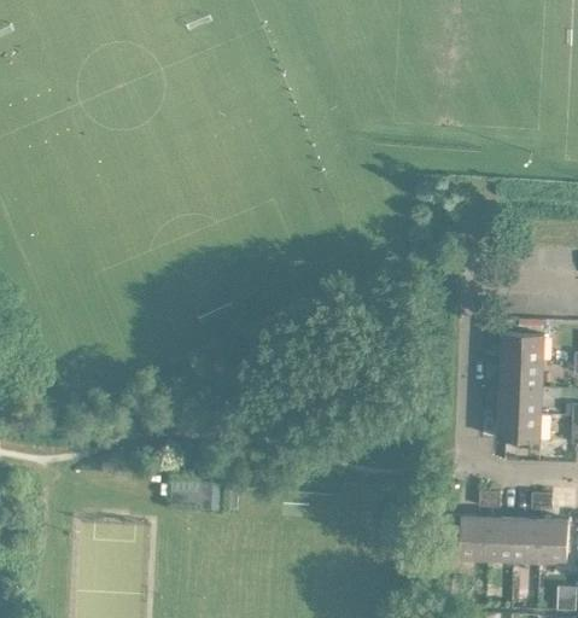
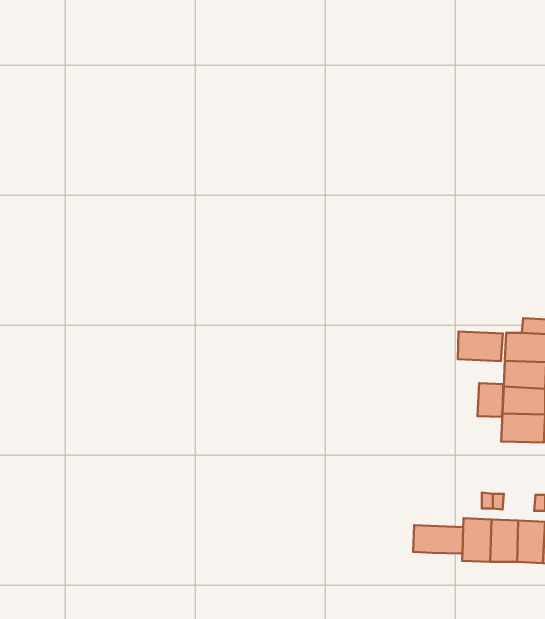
building: none -> [458,332,503,361]
building: none -> [478,383,503,417]
building: none -> [413,525,463,554]

